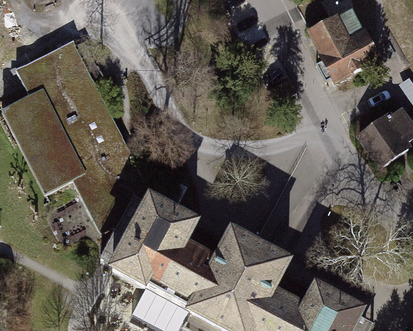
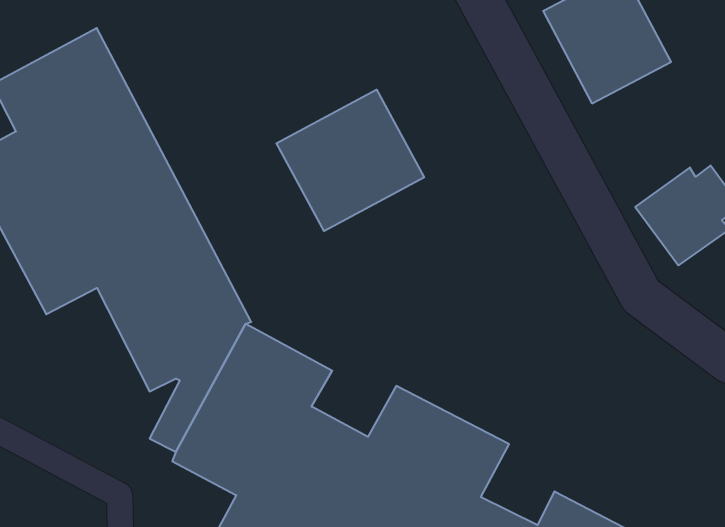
building: none -> [276,90,424,231]

